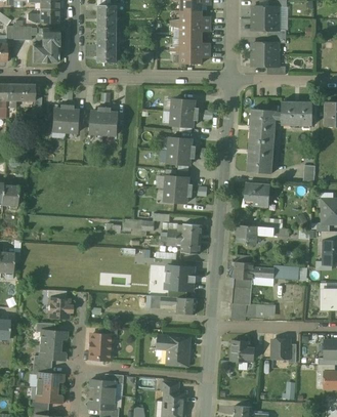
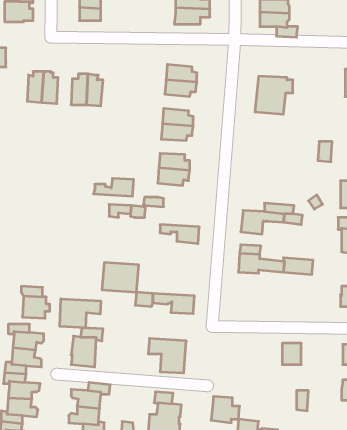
building: [281,101,312,125] -> none
building: [247,139,273,173] -> none
building: [242,183,269,207] -> none
building: [167,223,202,239] -> [93,178,134,196]
building: [164,264,196,290] -> [102,263,139,292]
building: [230,278,264,321] -> none
building: none -> [60,299,101,328]
building: [230,339,255,362] -> [211,397,240,423]

